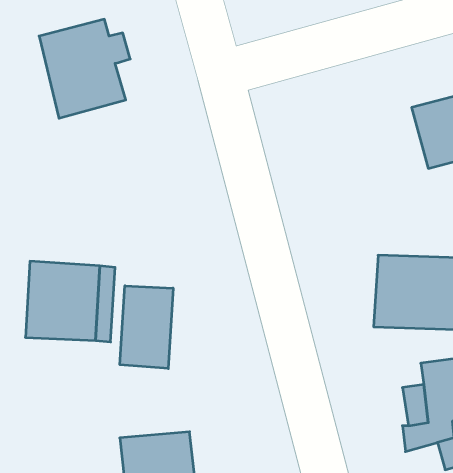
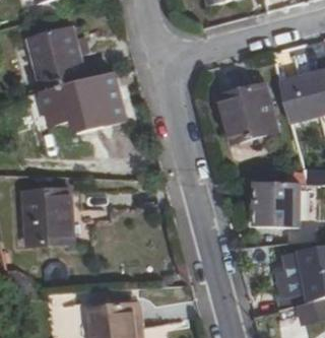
building: none -> [42,72,125,131]
building: none -> [221,85,276,142]
building: [120,286,173,369] -> none

